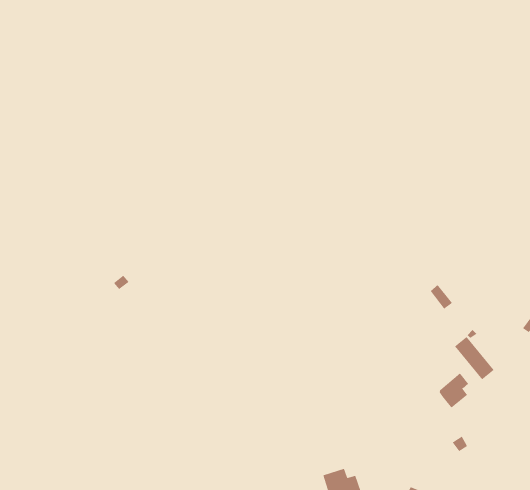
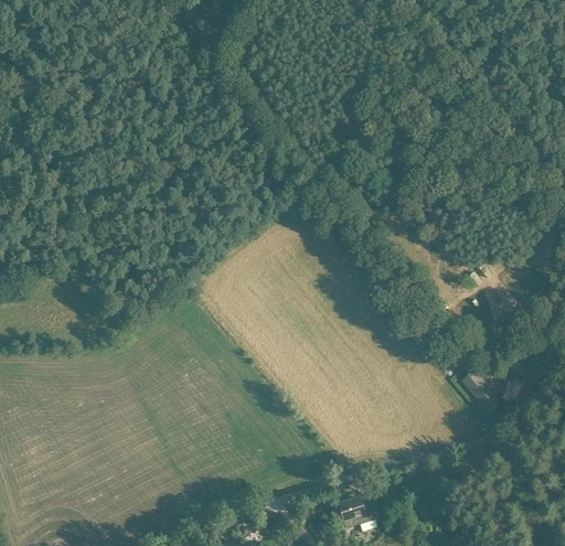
building: [439,372,469,408] -> none

